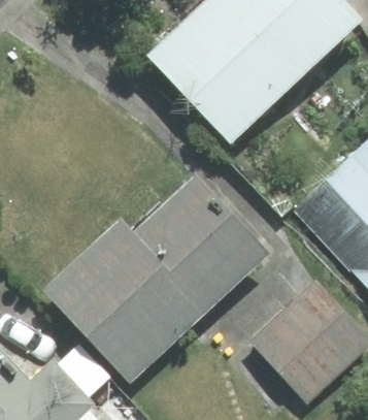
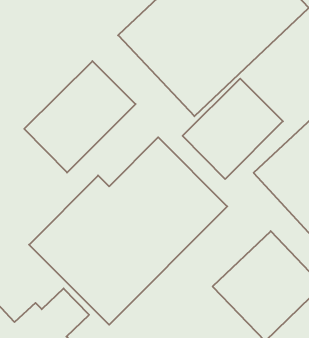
building: none -> [24,61,136,173]
building: none -> [183,79,283,179]

